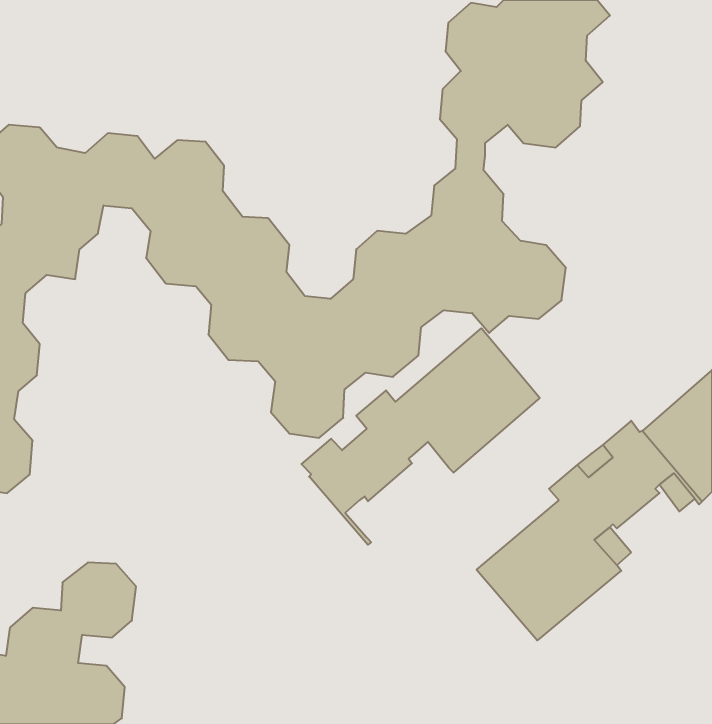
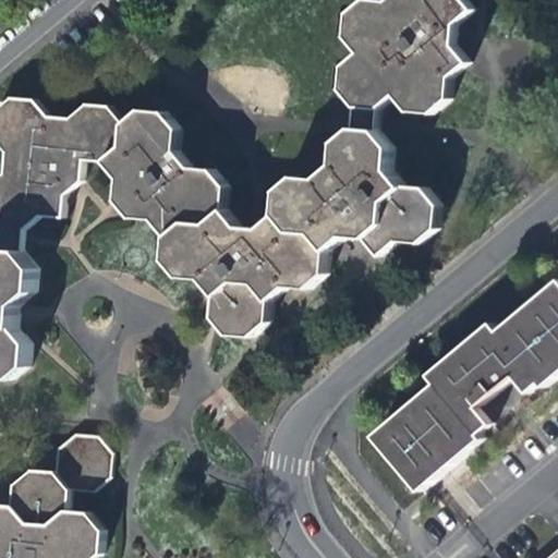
building: [301,328,540,545] -> none

